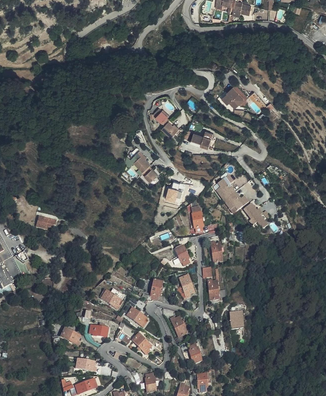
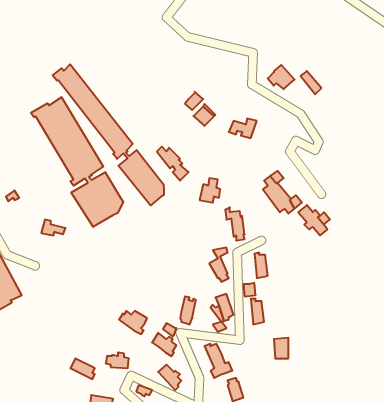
building: none -> [53,64,164,205]
building: none -> [31,97,123,227]

